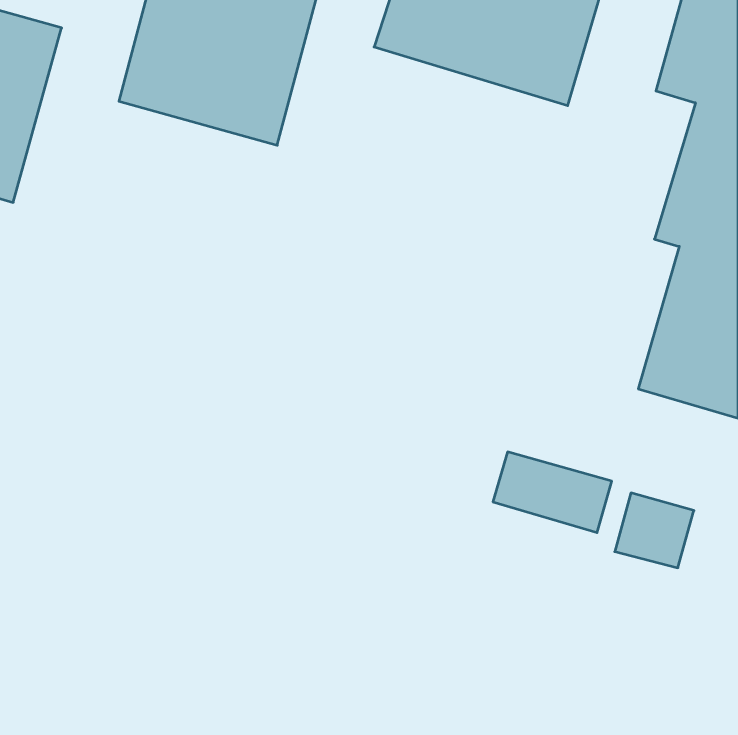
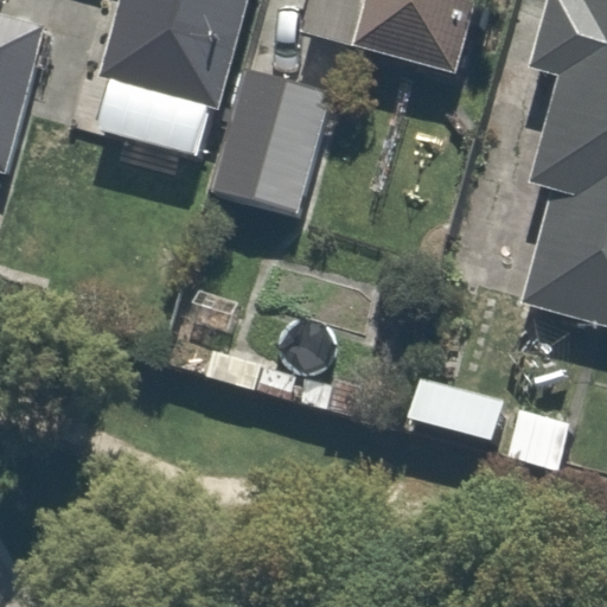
building: none -> [209,63,339,218]

